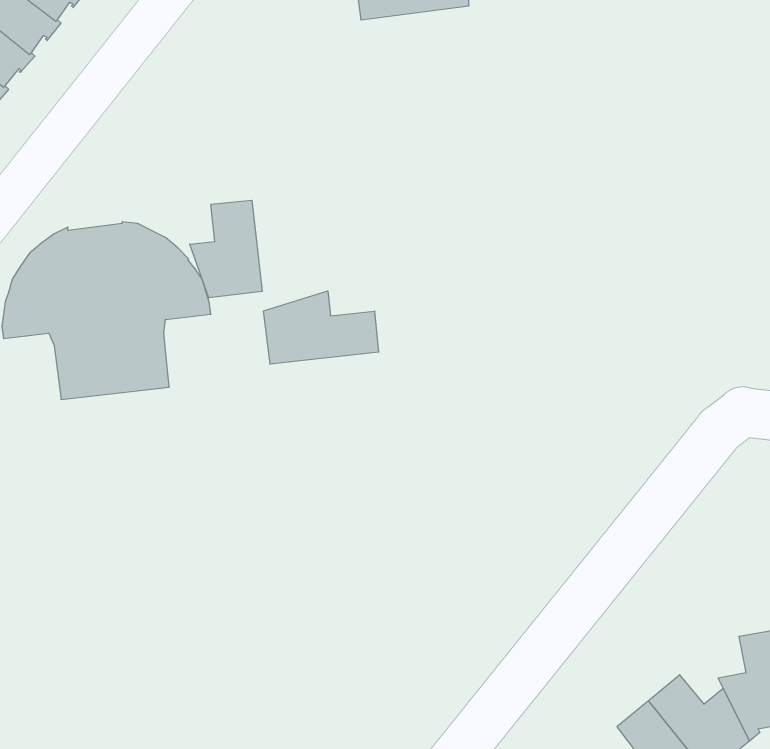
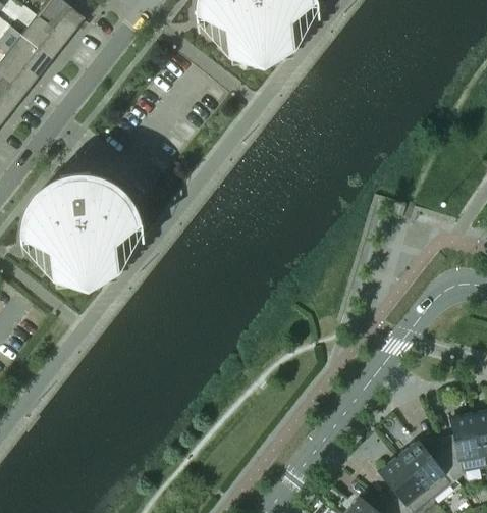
building: [190,200,262,298] -> none
building: [263,291,379,364] -> none

